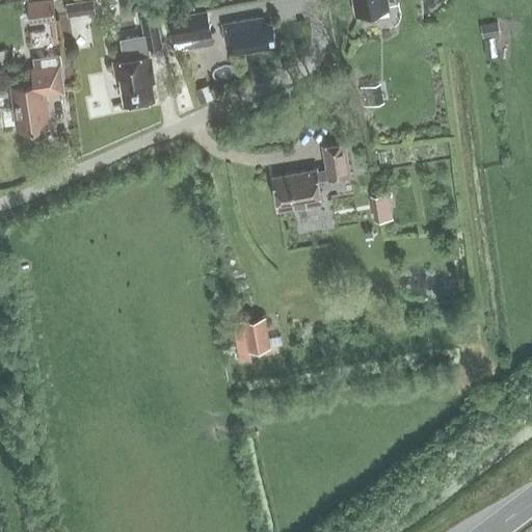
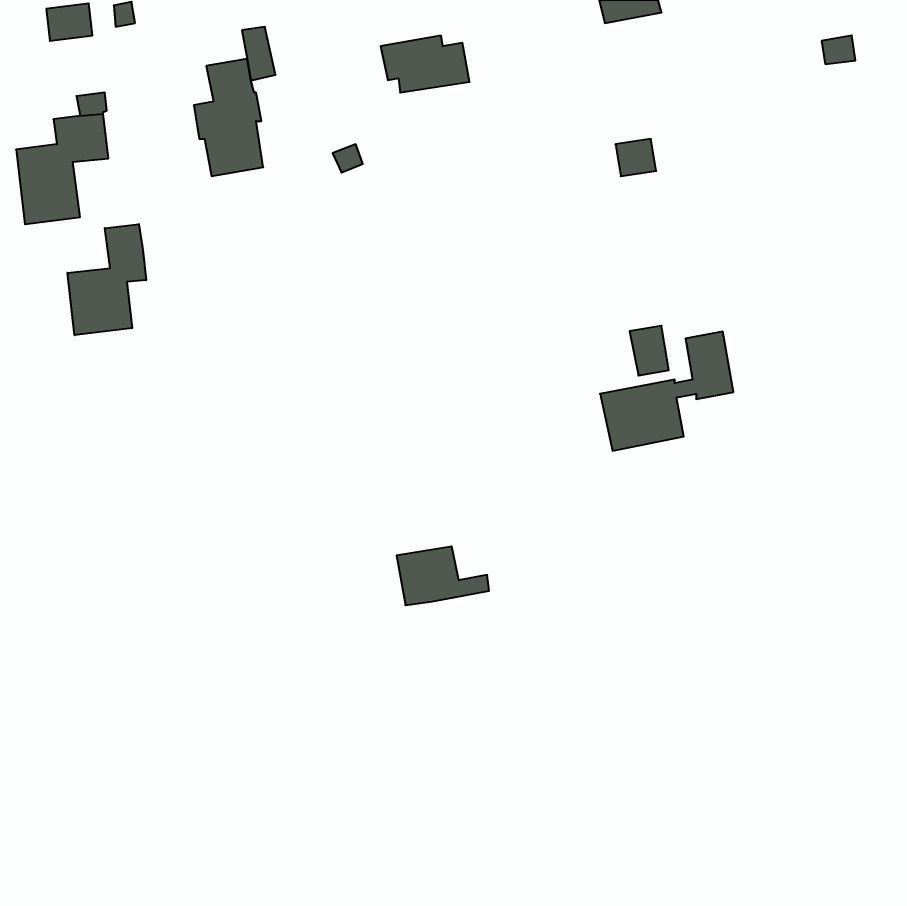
building: [170,14,212,44] -> none
building: none -> [68,224,146,335]
building: [272,142,350,212] -> [600,332,733,451]

